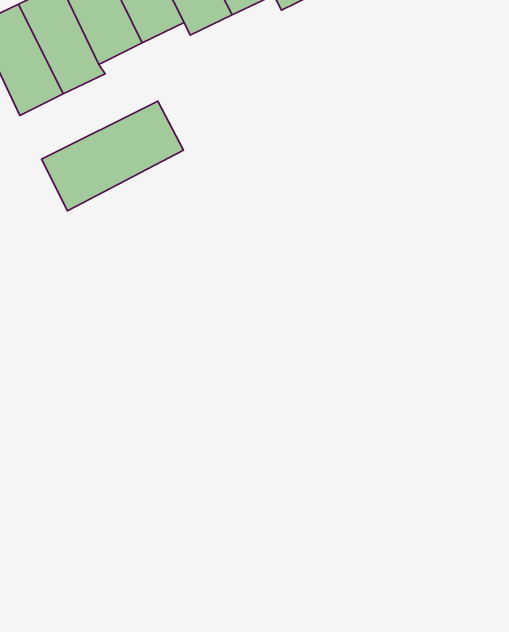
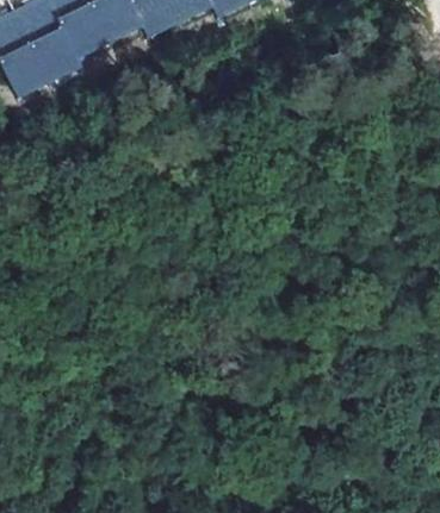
building: [41,101,183,211] -> none

